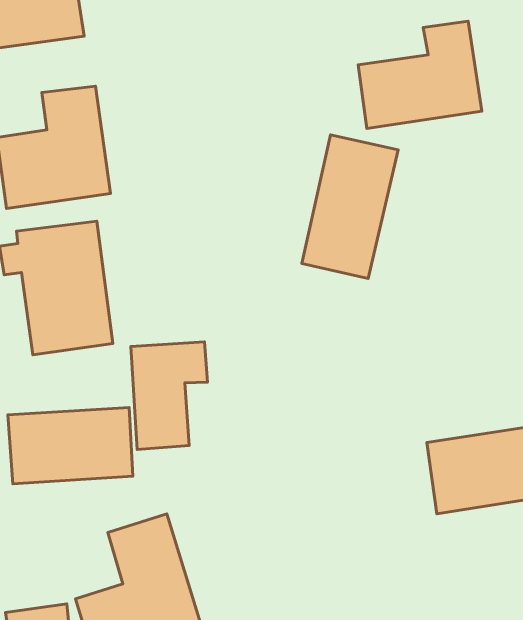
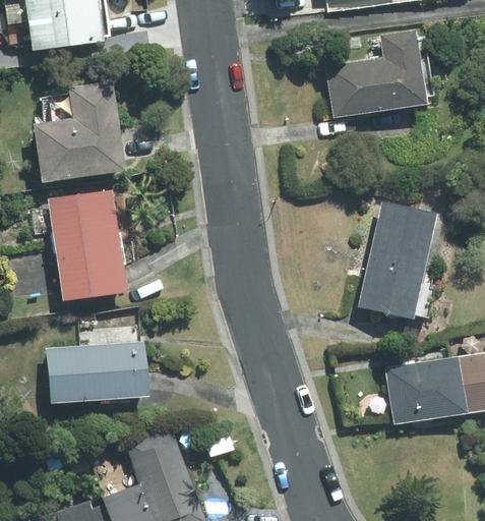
building: [302,135,398,278] -> [359,200,437,317]
building: [131,342,208,450] -> none

